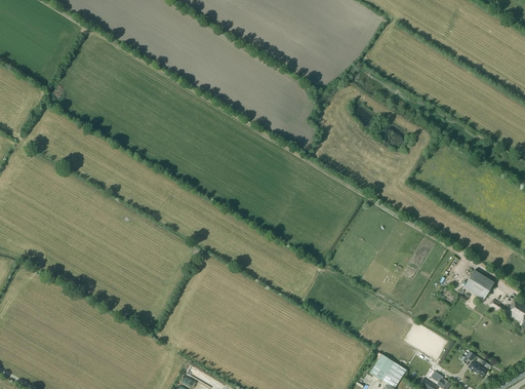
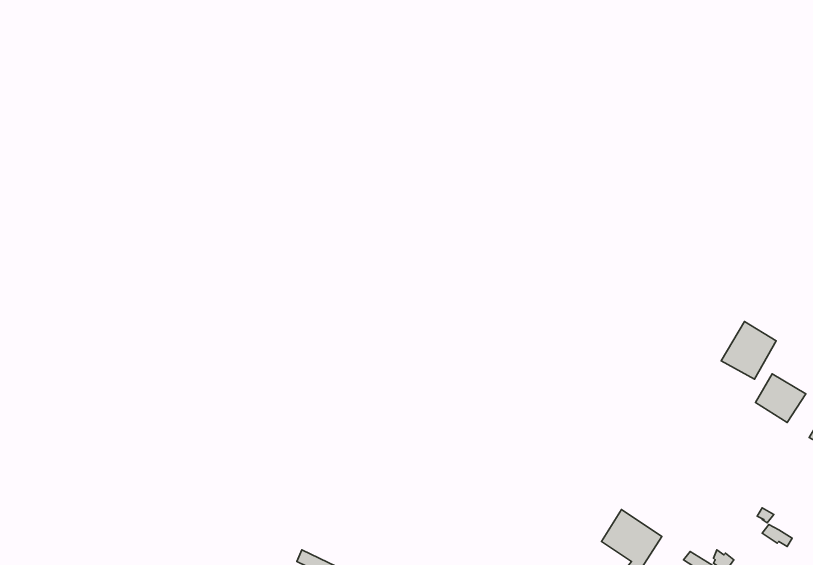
building: none -> [721,322,776,379]

